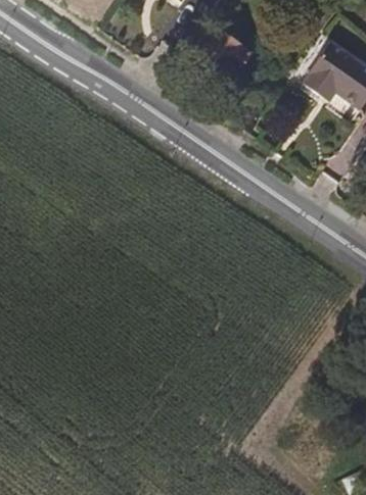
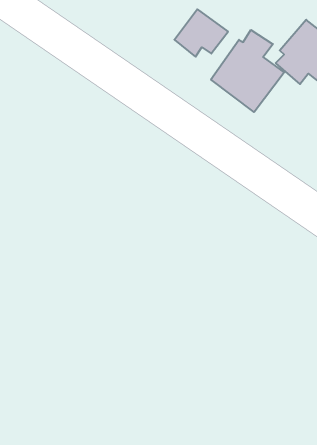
building: none -> [211,30,284,112]

